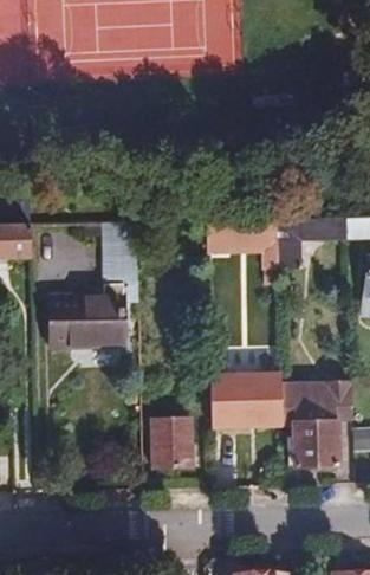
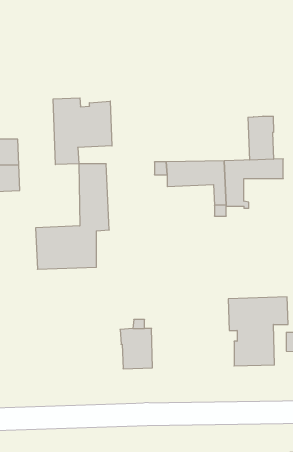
building: none -> [53,98,112,165]
building: none -> [248,116,273,160]
building: [210,373,281,427] -> none

